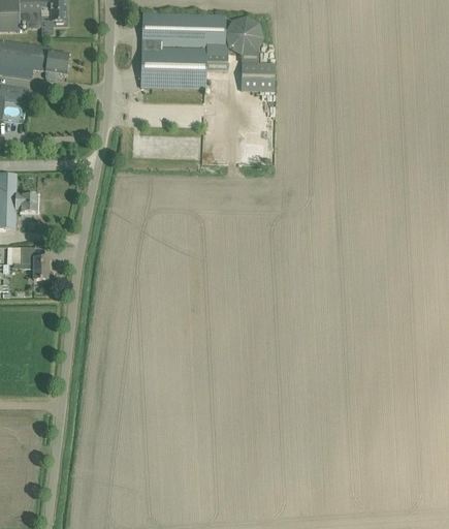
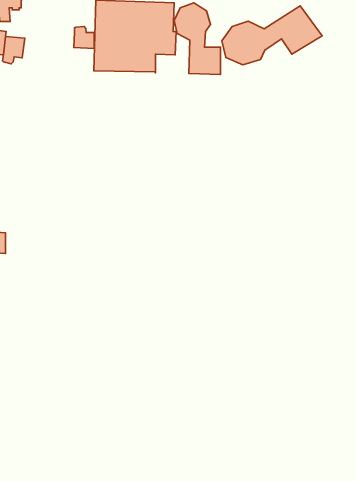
building: none -> [222,6,322,65]
building: none -> [74,27,94,48]

